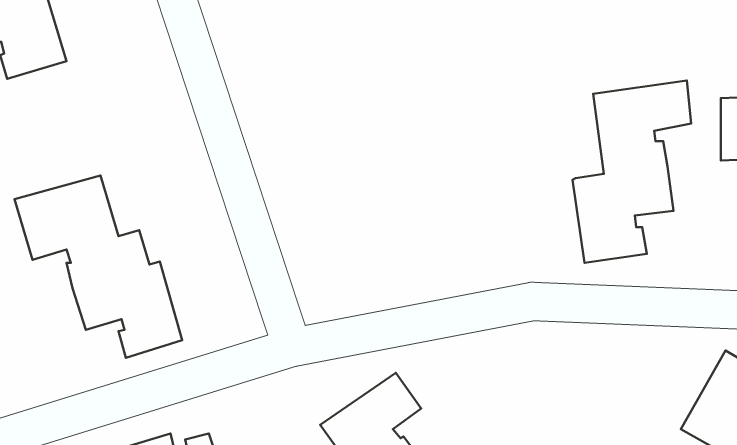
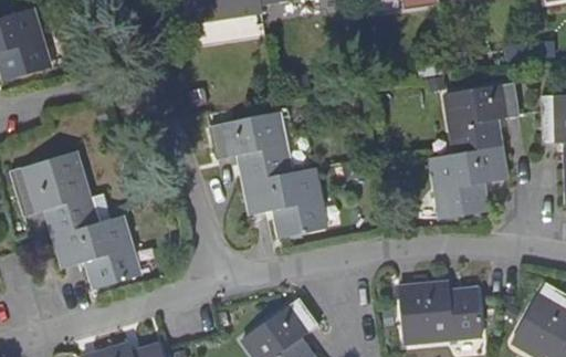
building: none -> [211,113,325,237]
building: none -> [398,285,480,344]

